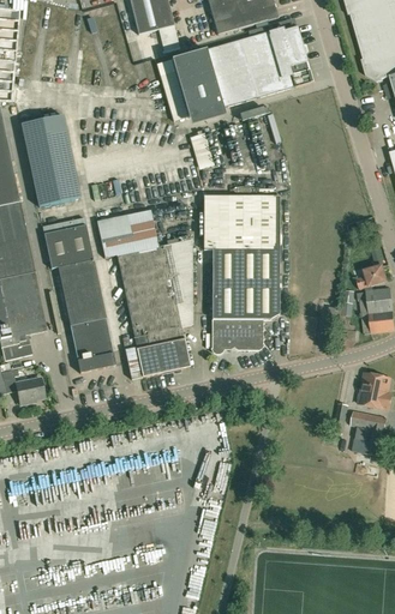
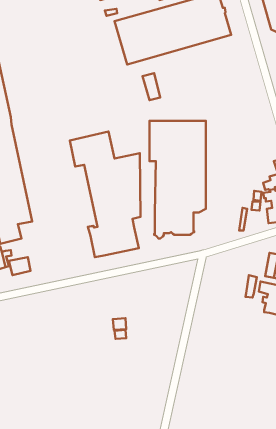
building: [20,114,80,205] -> none
building: [42,215,115,371] -> none

